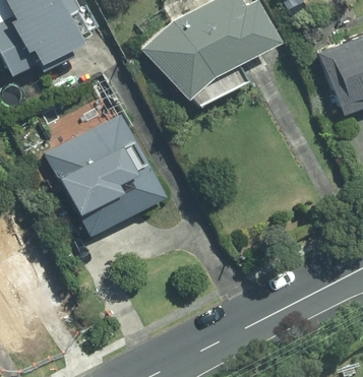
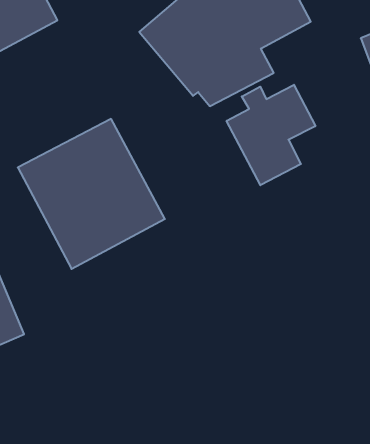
building: none -> [227,85,315,185]

